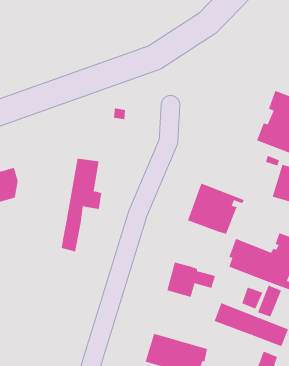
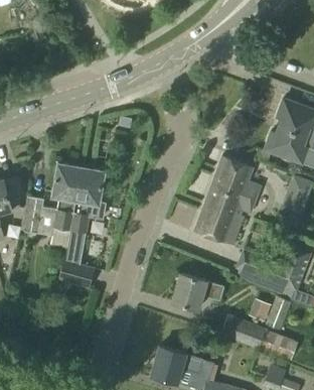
building: none -> [207,155,261,210]
building: none -> [20,163,81,248]
building: none -> [57,258,95,288]

